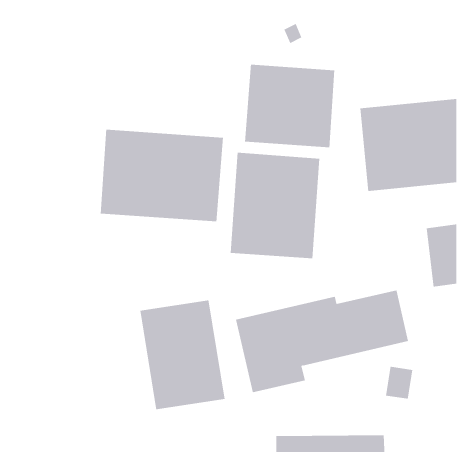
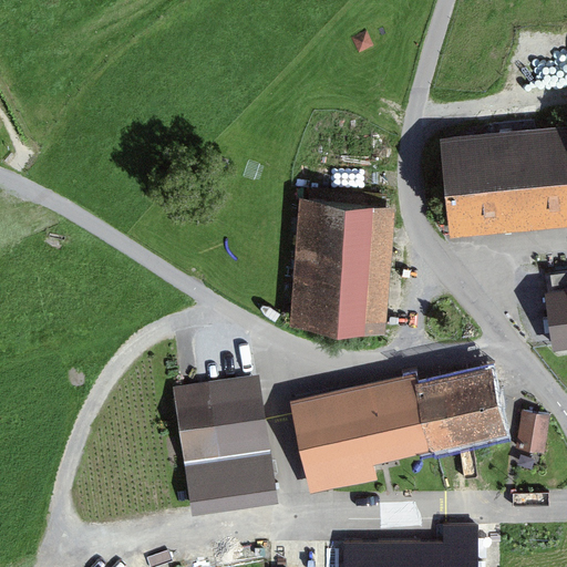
building: [245,64,335,148] -> none
building: [100,129,223,222] -> none
building: [385,366,413,399] -> [516,413,550,454]

